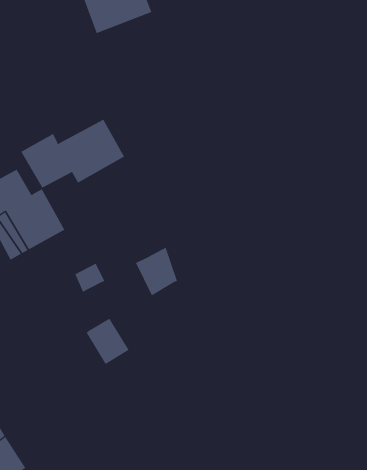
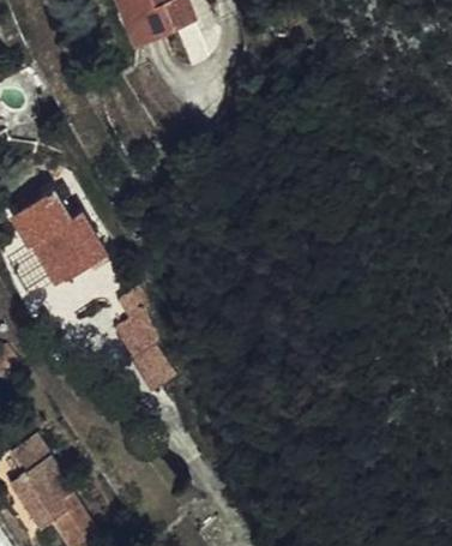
building: [20,119,125,188] -> none
building: [135,247,178,296] -> [115,305,159,356]

